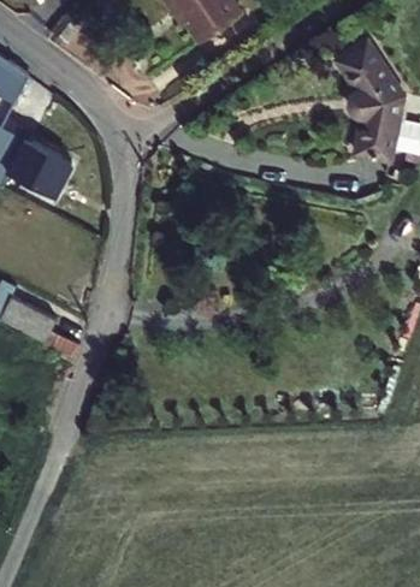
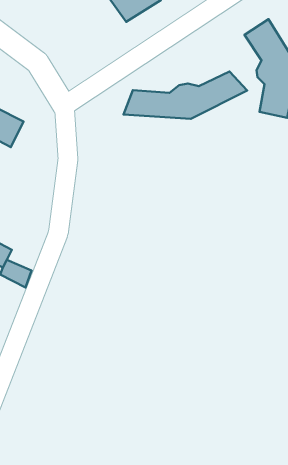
building: none -> [123,71,247,119]

